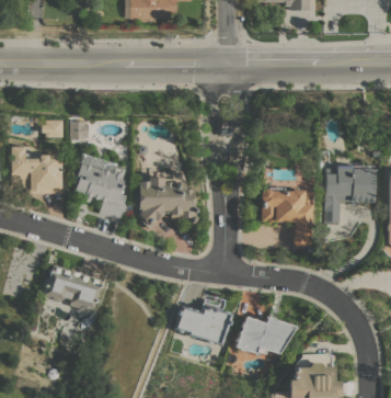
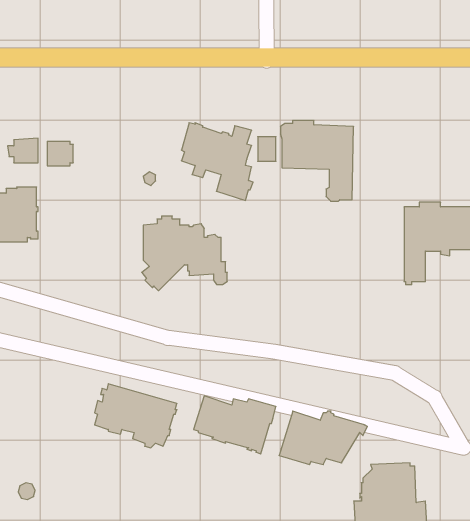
building: [74,163,126,219] -> [181,123,253,200]
building: [261,187,313,246] -> [280,120,354,201]
building: [44,265,103,311] -> [95,384,177,448]

